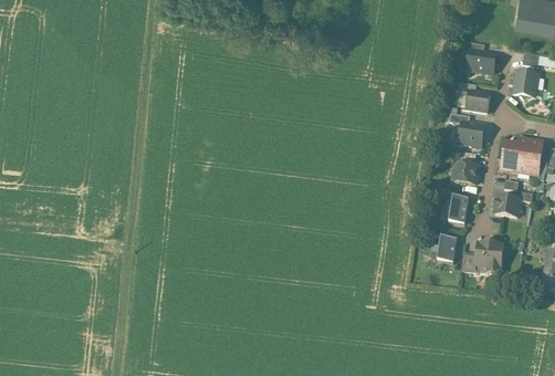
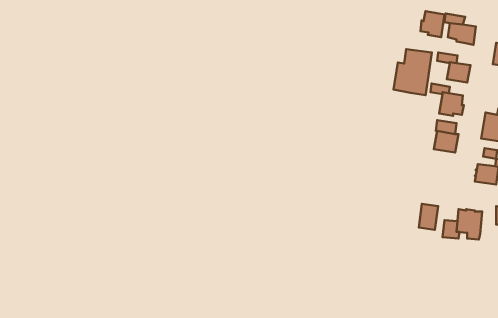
building: none -> [420,11,445,37]
building: none -> [393,49,432,95]
building: [449,196,470,224] -> none

